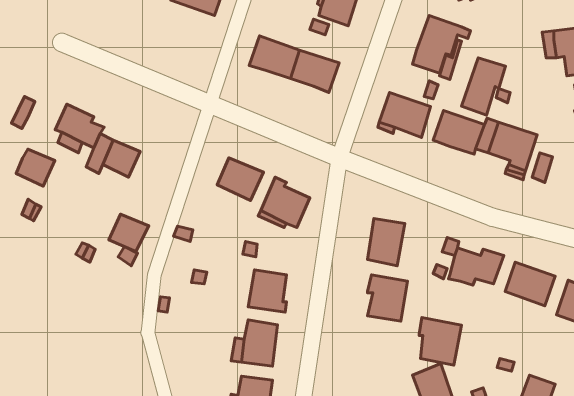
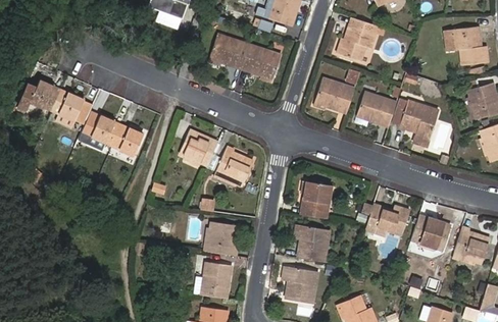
building: [462,58,506,115] -> none
building: [16,149,55,186] -> [34,78,64,108]
building: [109,214,149,251] -> [113,125,145,155]
building: [419,318,462,365] -> [286,263,319,301]

